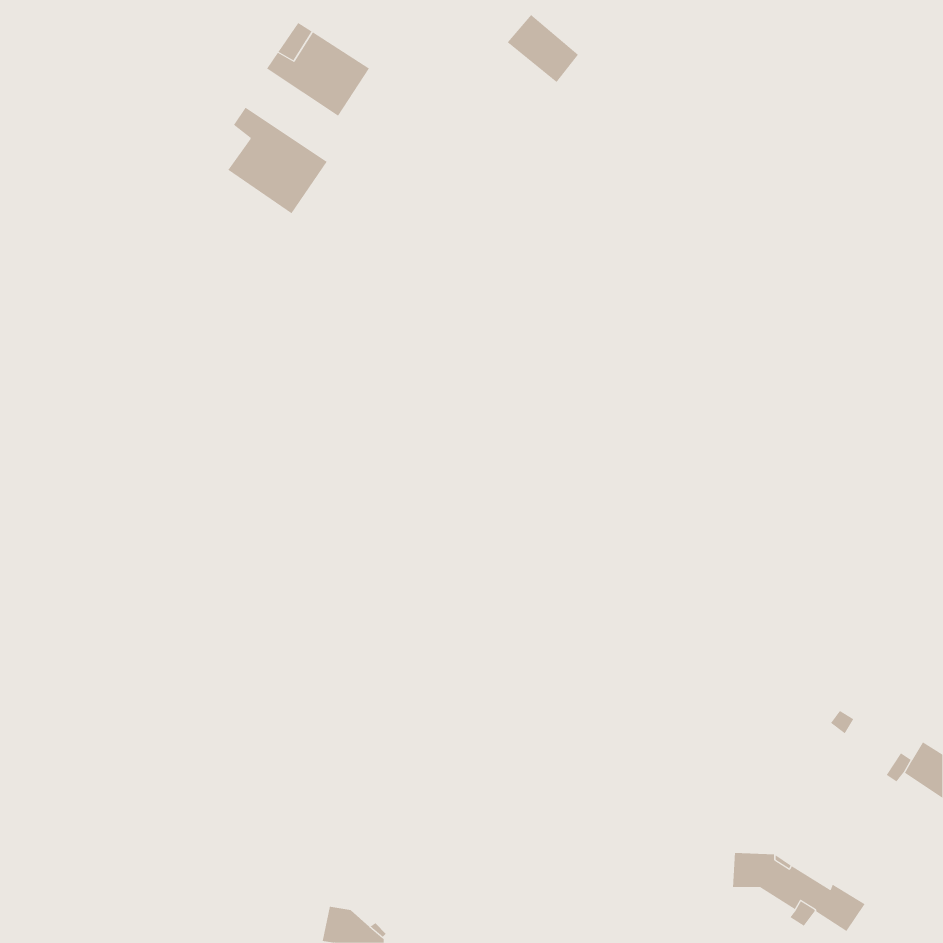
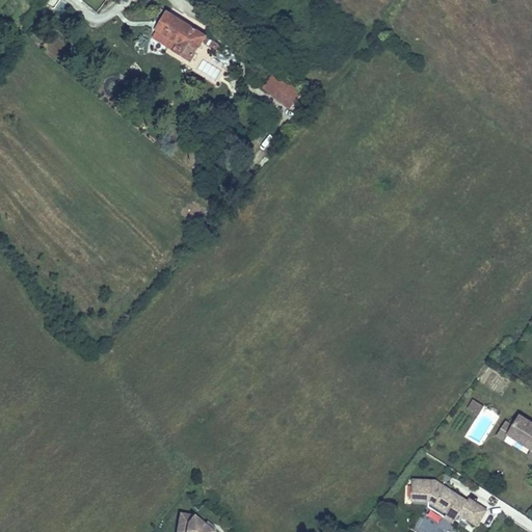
building: [507,14,579,83] -> [261,73,301,111]
building: [228,107,327,214] -> none

